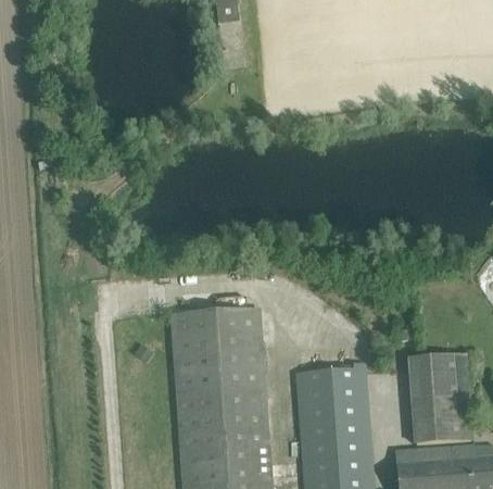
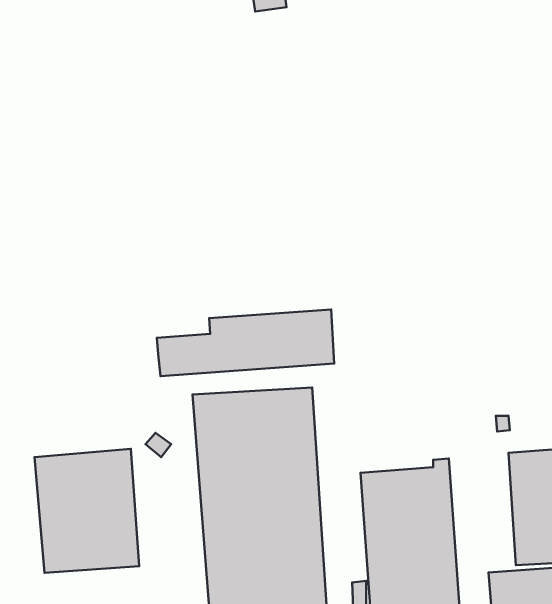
building: none -> [157,310,334,376]
building: none -> [34,449,139,573]

